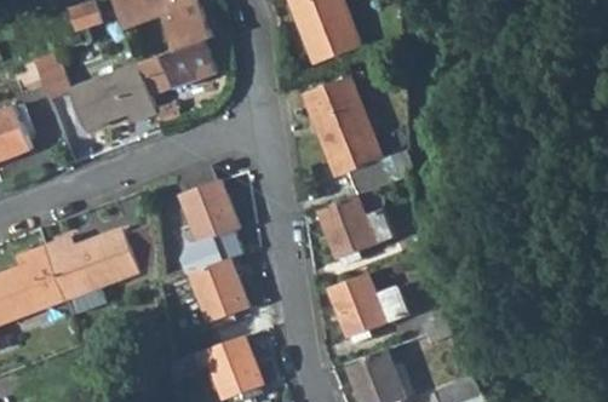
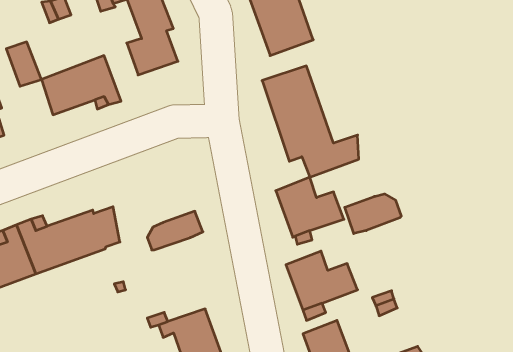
building: [174,166,239,245] -> none
building: none -> [345,194,401,234]
building: [189,260,245,323] -> none

